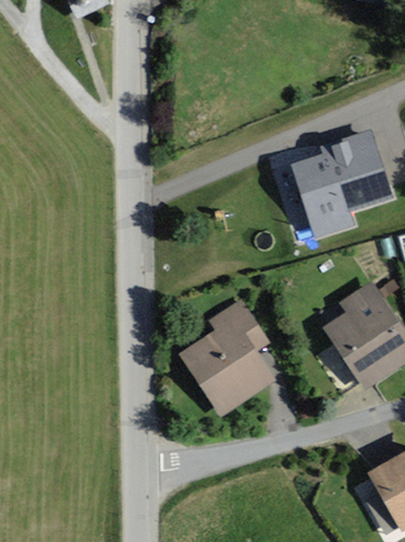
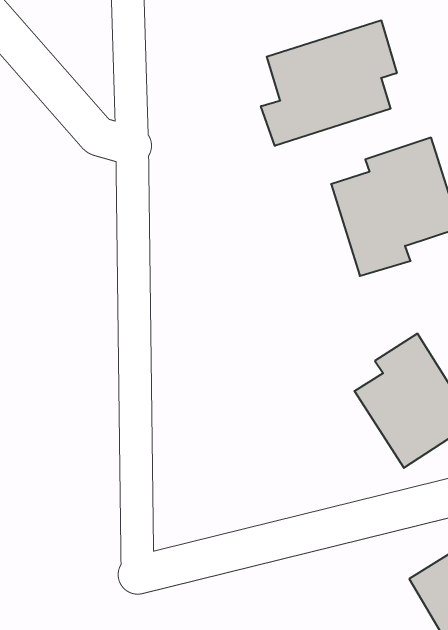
building: none -> [261,20,397,146]
building: [176,300,272,418] -> none

